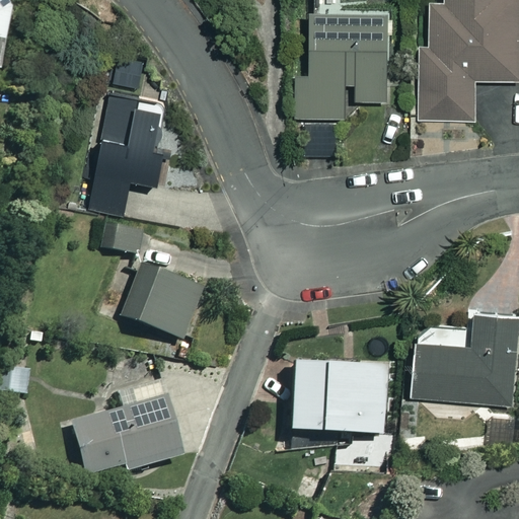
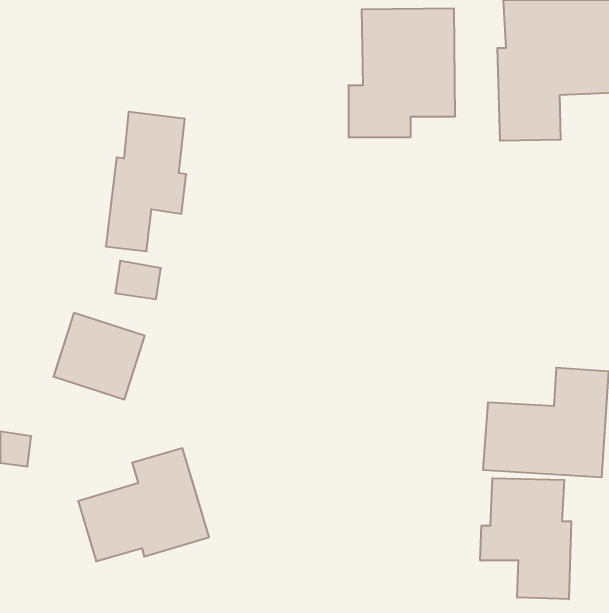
building: [123,265,200,338] -> [53,313,145,399]
building: [287,361,383,433] -> none
building: none -> [480,478,571,599]

